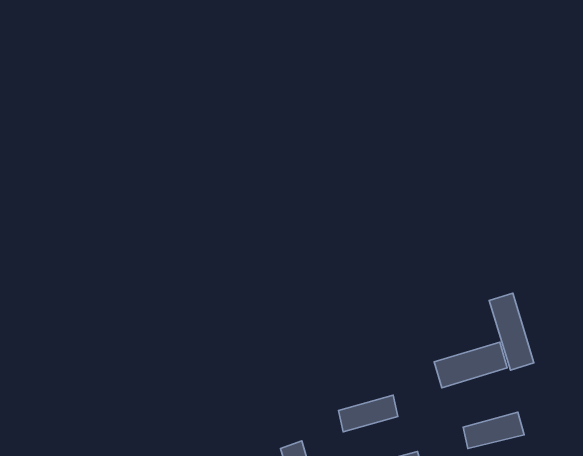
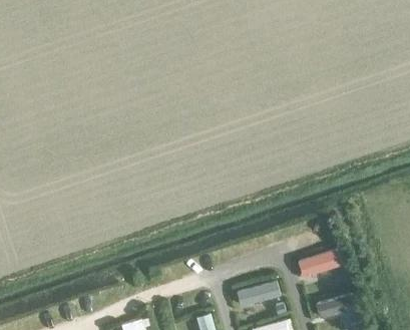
building: [489,293,534,370] -> none

